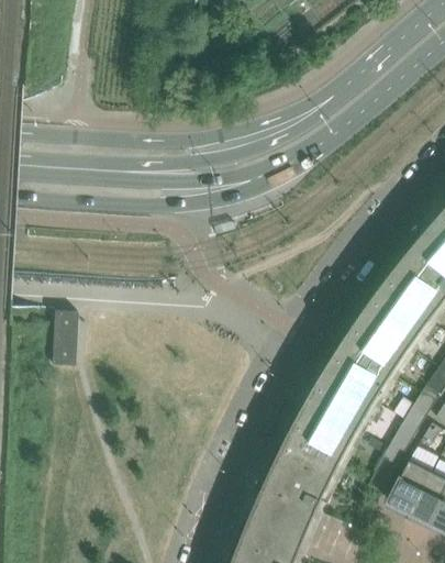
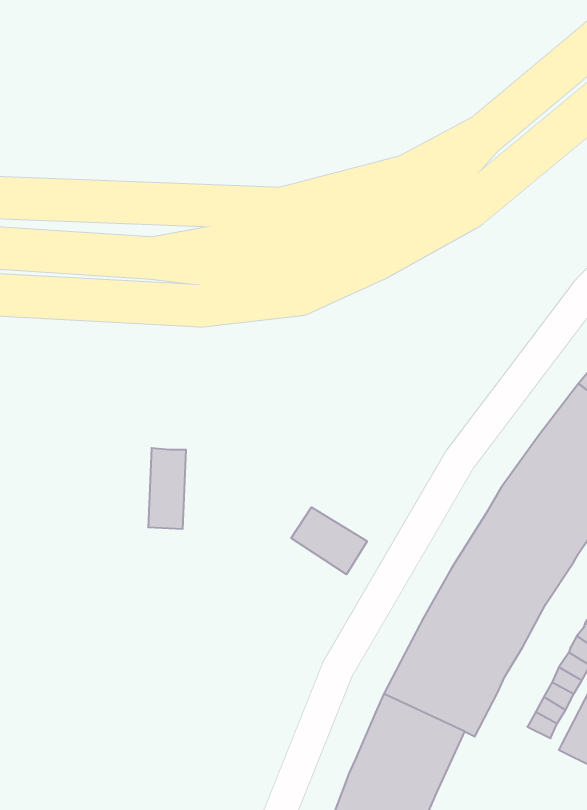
building: [51,313,76,367] -> [148,448,186,529]
building: none -> [291,507,367,574]

